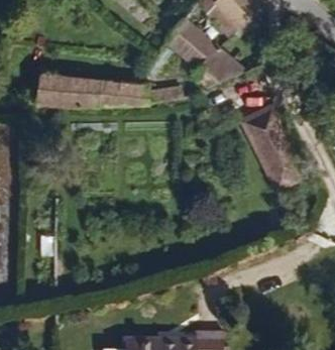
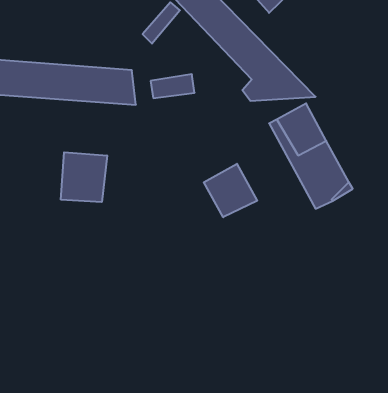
building: none -> [61,152,107,202]
building: none -> [204,164,257,217]

